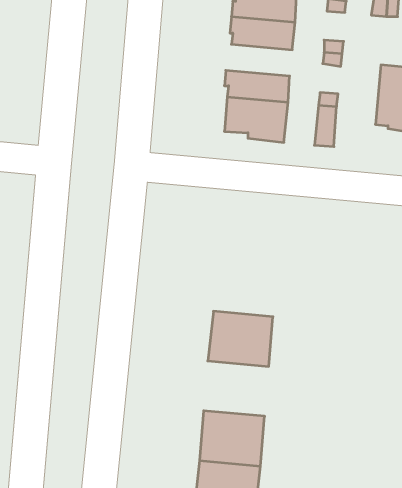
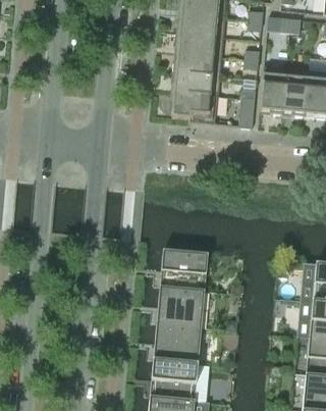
building: none -> [172,52,221,75]
building: none -> [259,65,286,114]
building: none -> [156,286,204,326]

